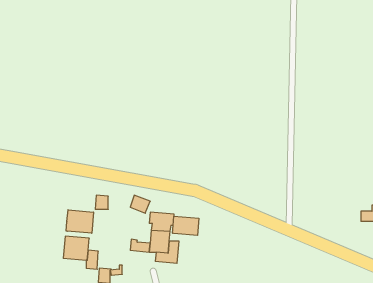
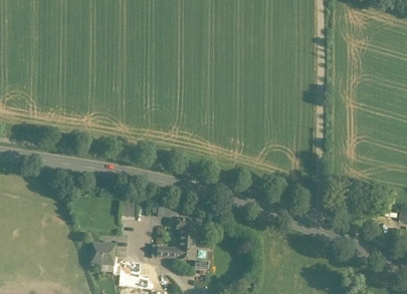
building: [66,210,93,233] -> none
building: [173,216,199,235] -> none

